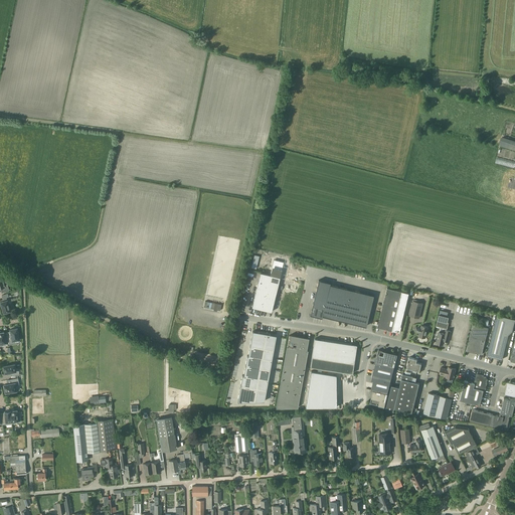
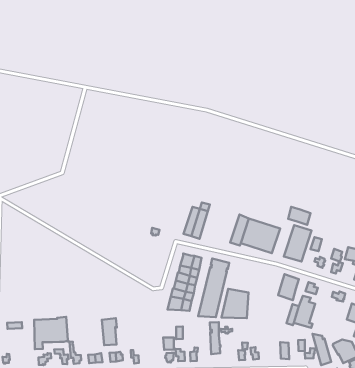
building: none -> [288,207,310,225]
building: [310,339,357,374] -> none
building: [370,376,391,407] -> none
building: [423,393,452,419] -> none

